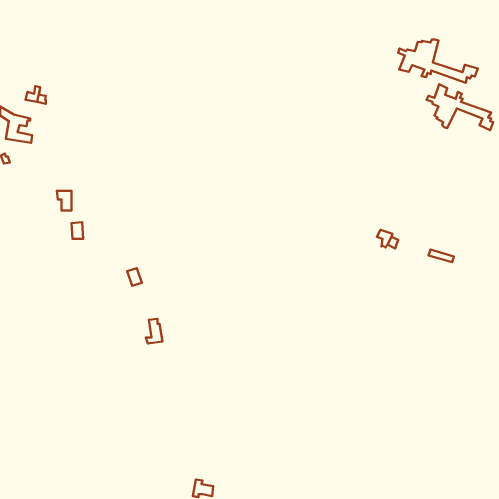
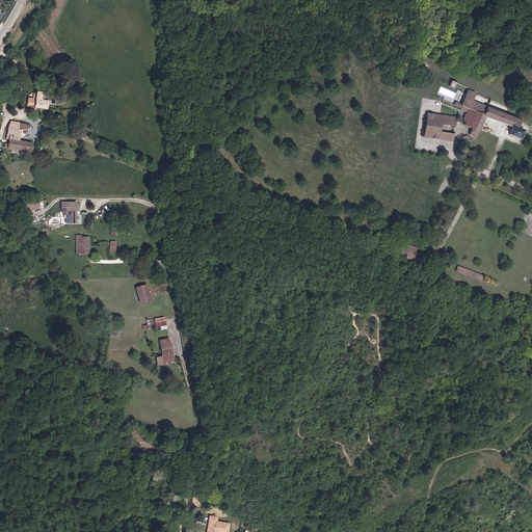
building: [398,39,478,83] -> none
building: none -> [424,113,457,140]

